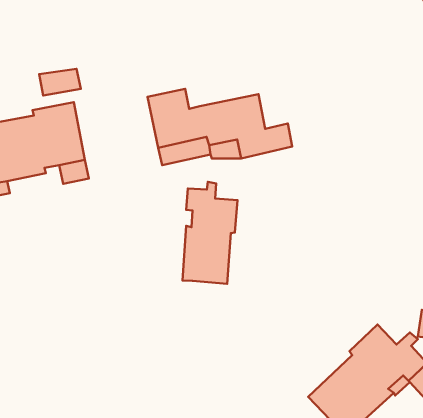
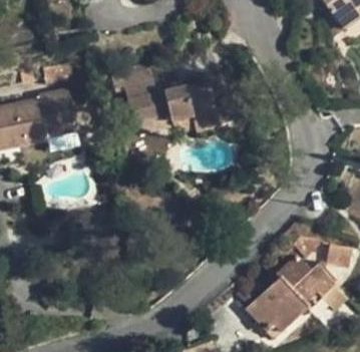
building: [183,182,238,284] -> none

